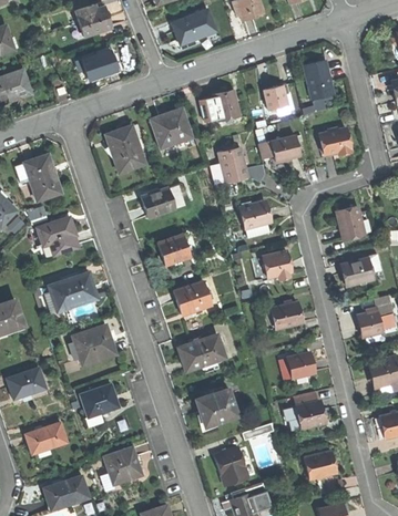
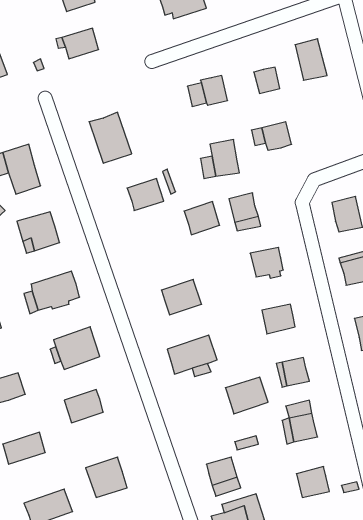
building: [151,112,193,147] -> none
building: [315,123,348,154] -> none
building: [157,233,191,264] -> [184,202,220,235]
building: [196,389,236,423] -> [225,377,268,414]

